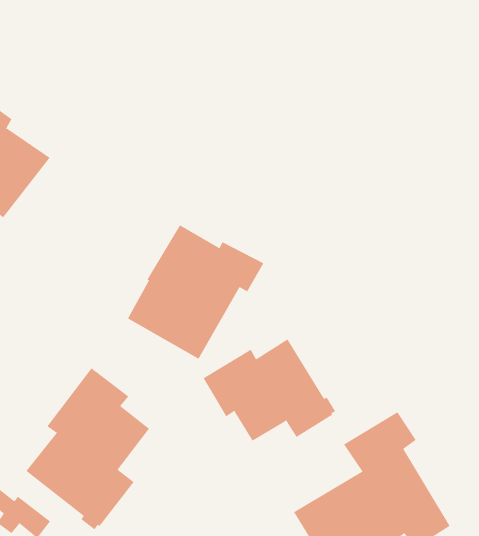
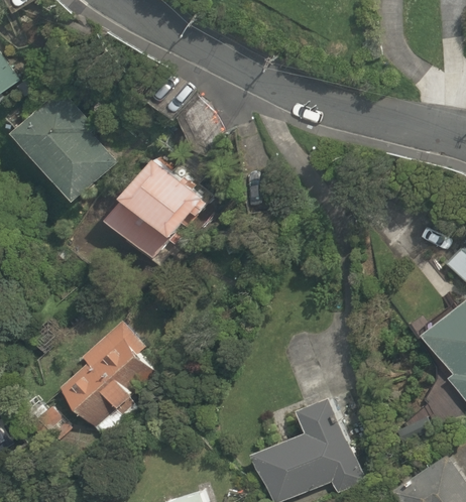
building: [127,224,264,360] -> [105,157,213,259]
building: [203,339,336,442] -> none

